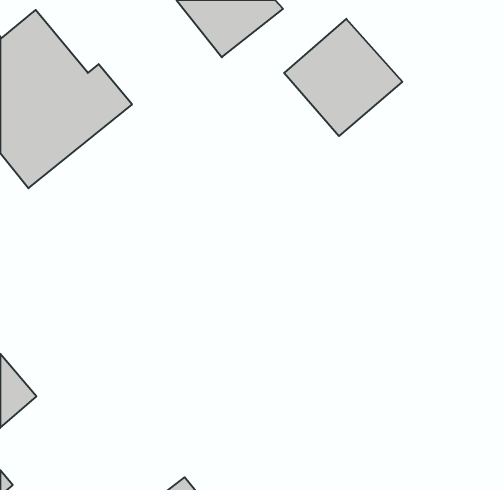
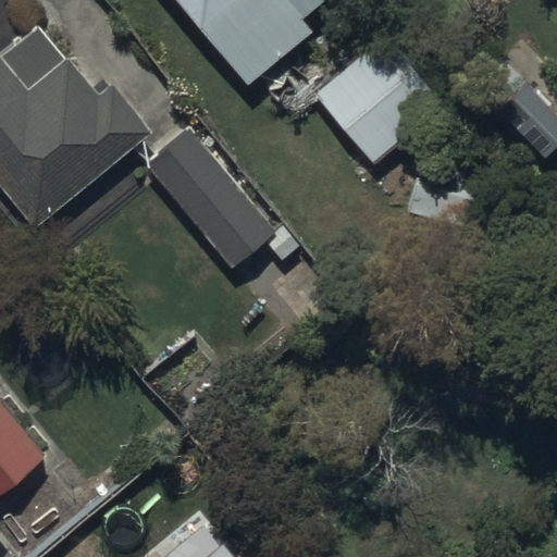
building: none -> [146,132,297,268]

